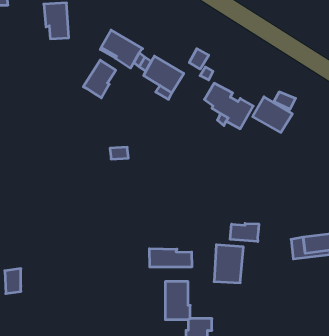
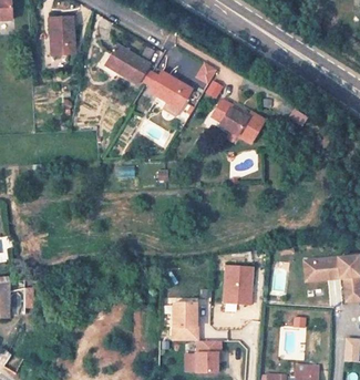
building: [83,60,116,98] -> none
building: [253,97,292,132] -> none
building: [230,223,259,242] -> none
building: [149,249,192,267] -> none

